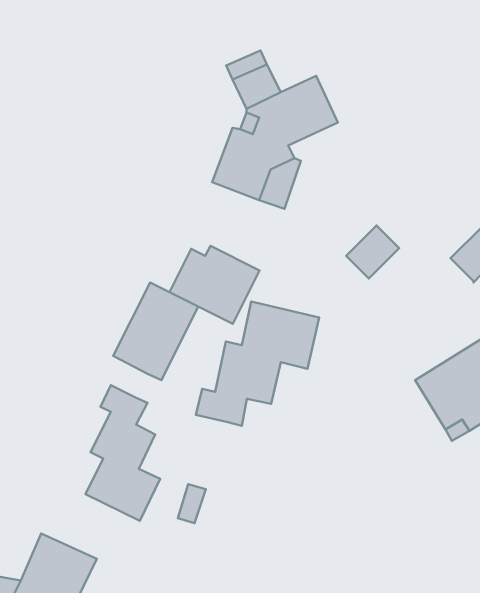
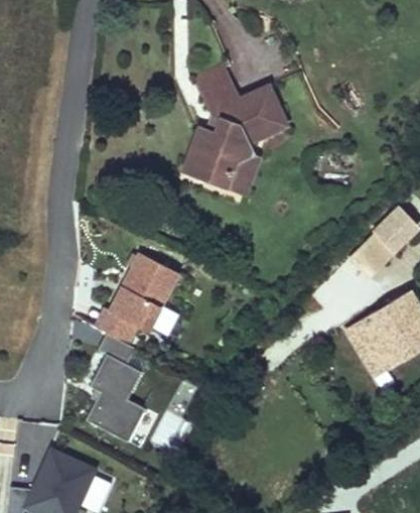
building: [346,225,399,279] -> [353,233,395,275]
building: [170,246,260,324] -> none
building: [196,301,319,426] -> none
building: none -> [95,308,136,344]

